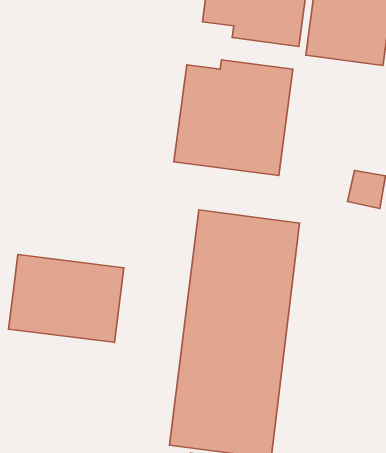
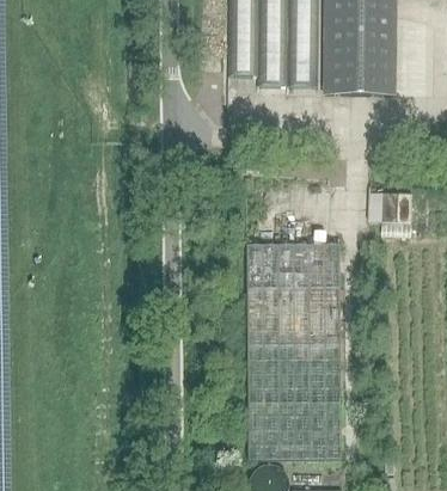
building: [174,60,293,176] -> none
building: [9,255,124,342] -> none

